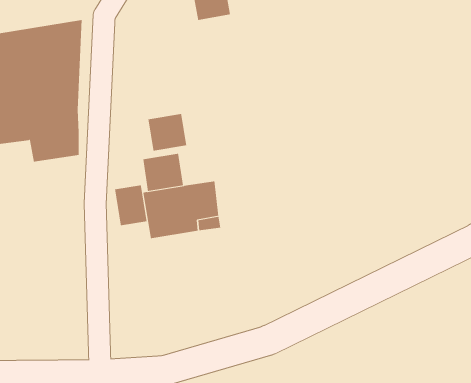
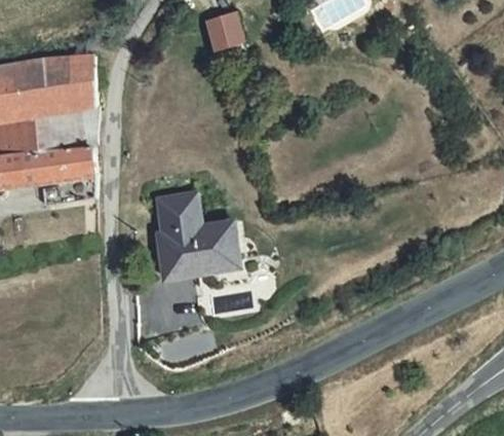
building: [148,113,187,152] -> none
building: [114,184,147,226] -> none

